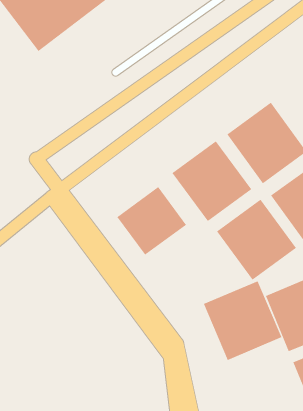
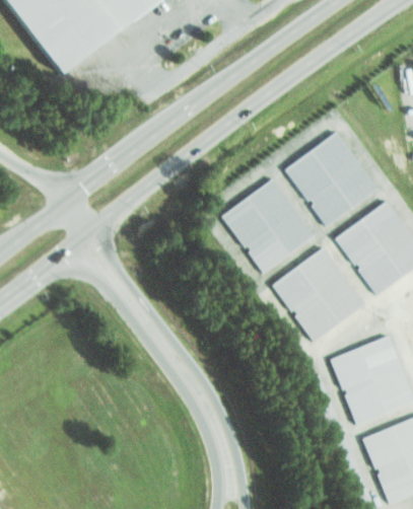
building: [117,186,187,256] -> none
building: [203,280,282,361] -> none

